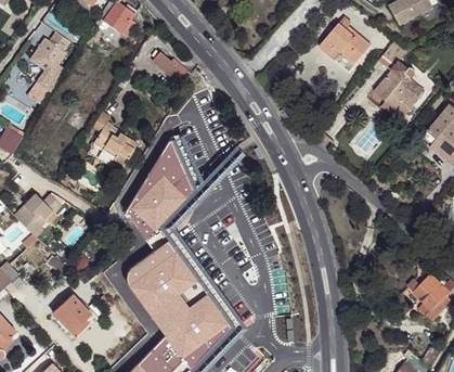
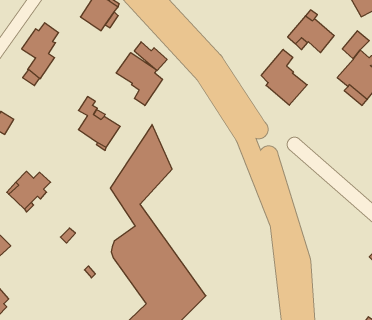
building: none -> [261,49,307,105]
building: none -> [116,53,163,106]
building: [52,294,95,336] -> none

